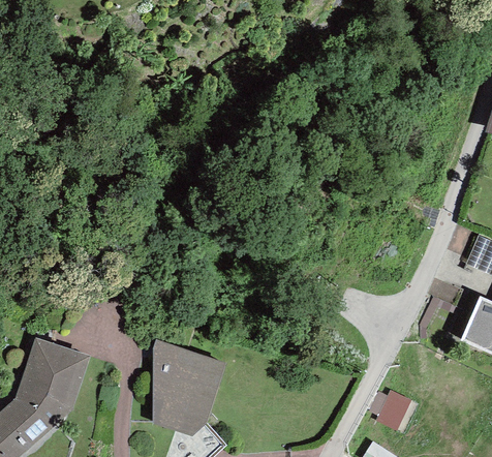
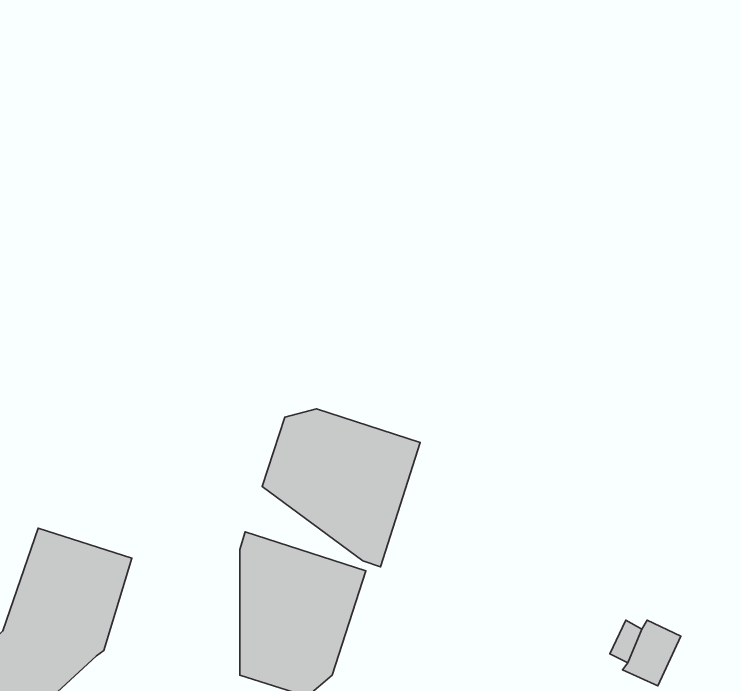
building: none -> [262,409,420,567]

